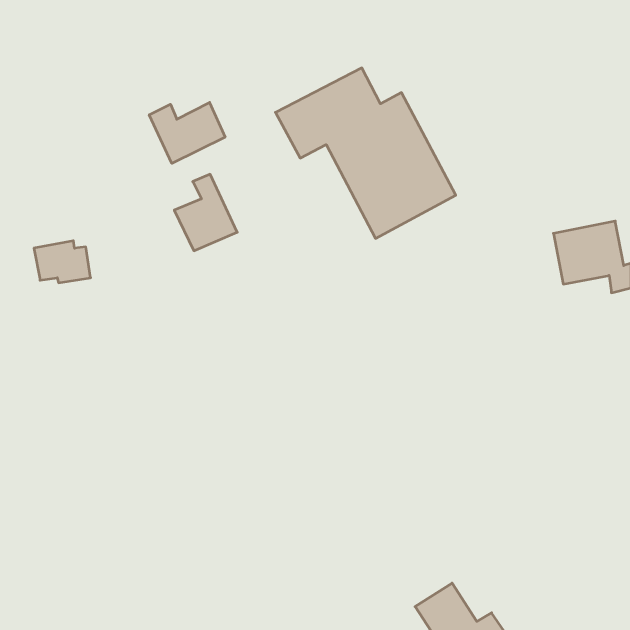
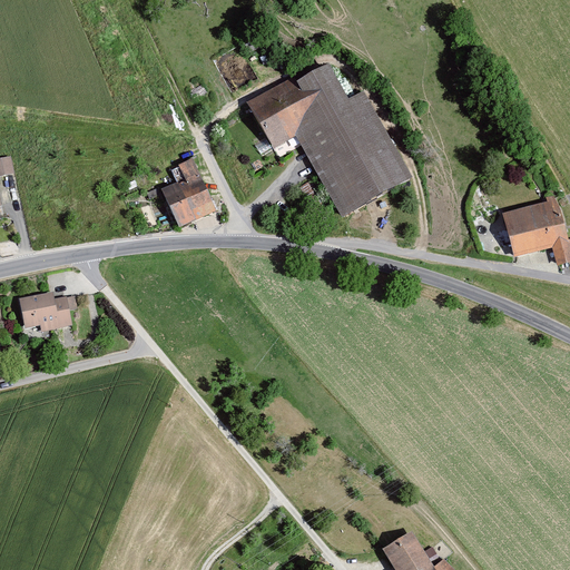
building: [149,102,225,163] -> none
building: [34,241,91,283] -> [24,289,76,327]

